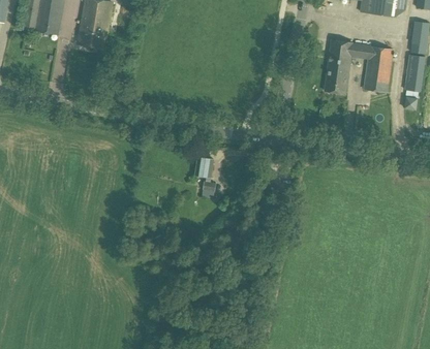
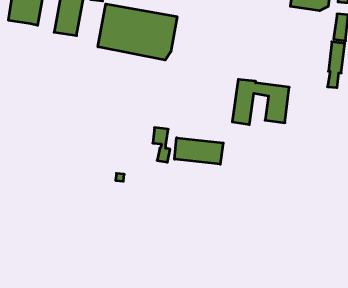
building: none -> [98,4,177,60]
building: [325,39,393,93] -> [232,79,289,125]
building: none -> [175,138,223,164]

